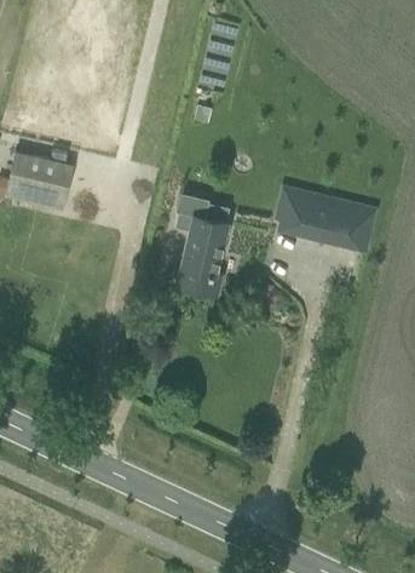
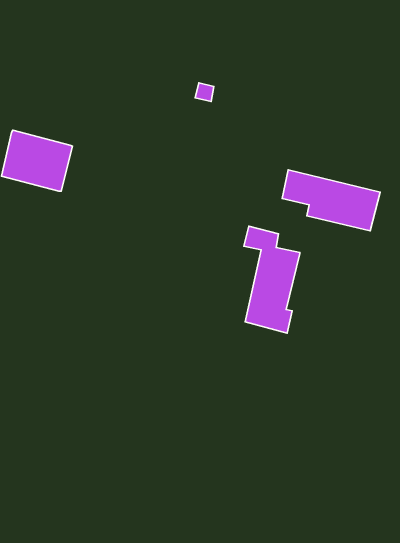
building: [175,193,230,297] -> [244,226,300,333]

